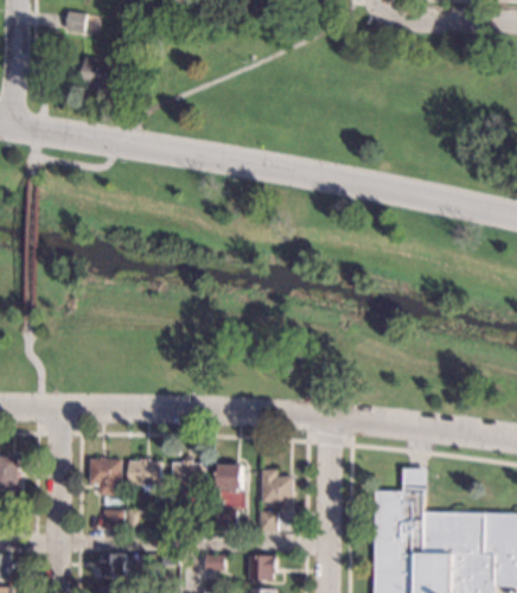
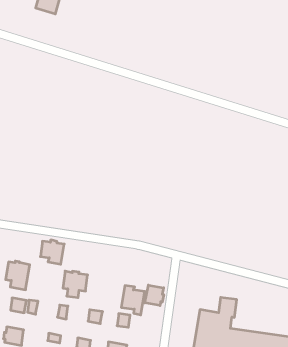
building: [128,459,160,492] -> [40,240,64,264]
building: [218,465,241,493] -> none
building: none -> [145,285,164,306]

